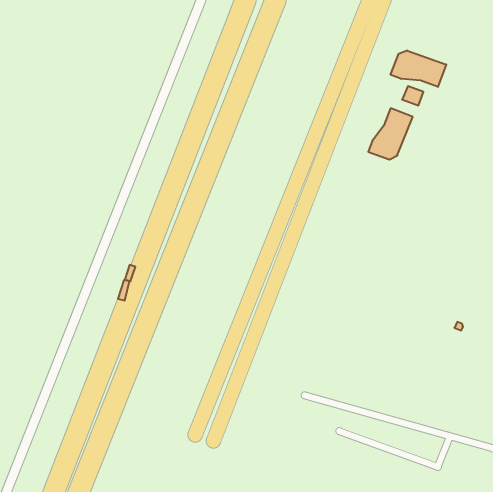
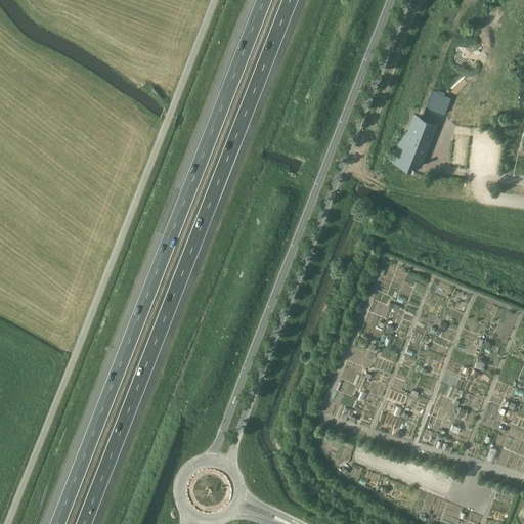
building: [391,50,446,87] -> none

